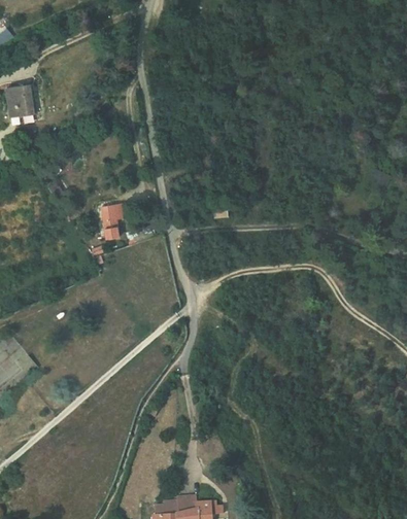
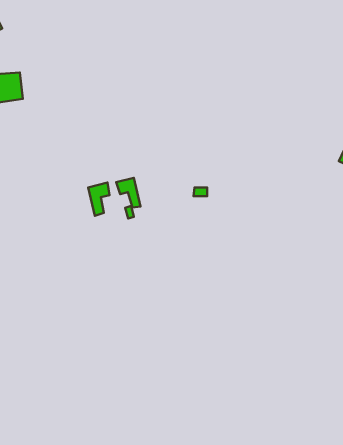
building: none -> [116,178,141,208]

